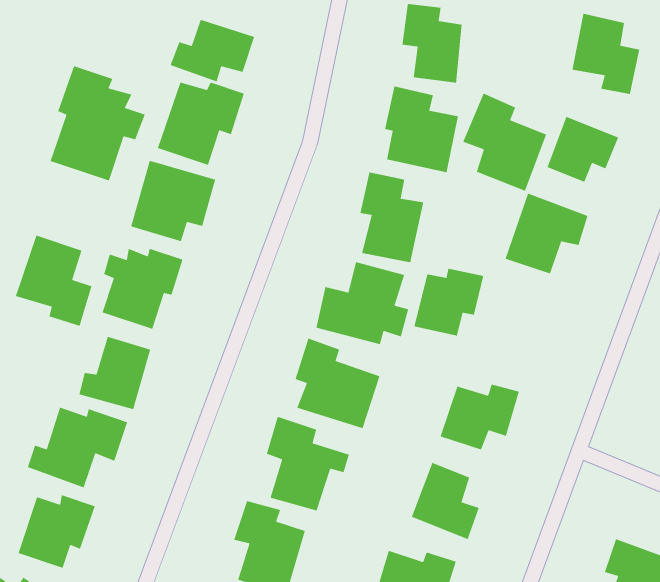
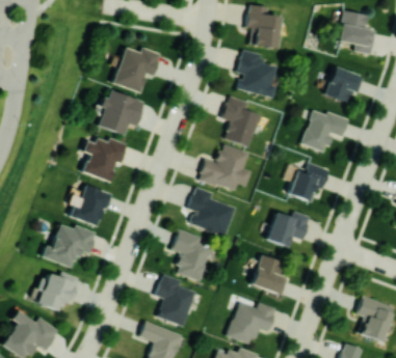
building: [169,19,255,82] -> none
building: [49,65,146,182] -> none
building: [462,93,547,192] -> none
building: [15,234,93,327] -> none
building: [413,268,484,337] -> [290,164,328,201]

